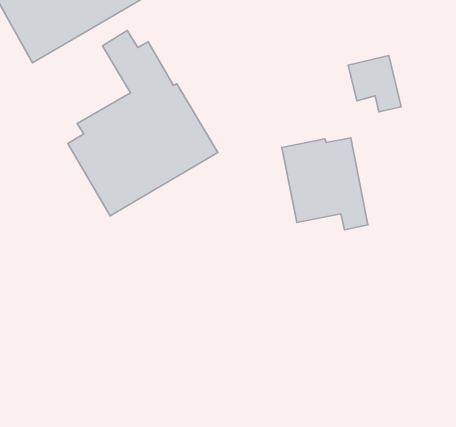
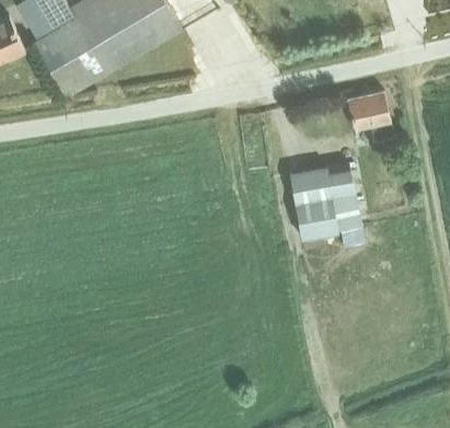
building: [68,30,218,216] -> none

